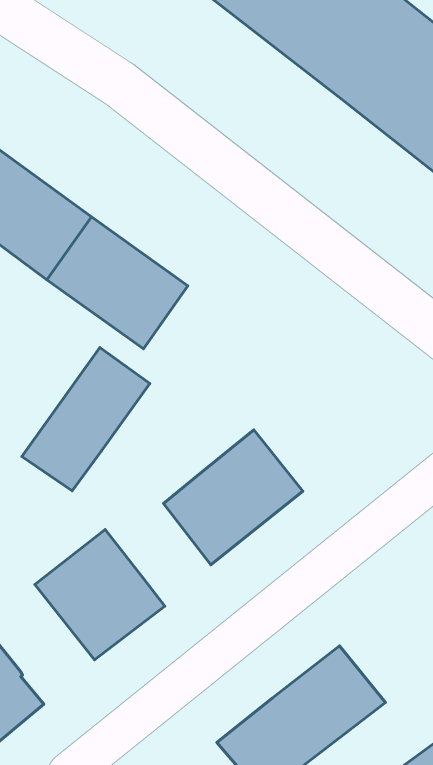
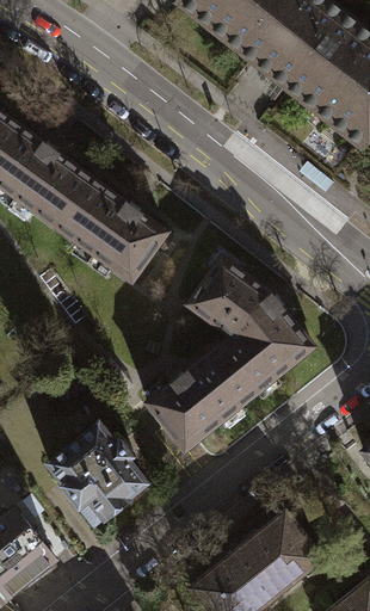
building: none -> [187,254,314,390]
building: [22,347,150,491] -> none

